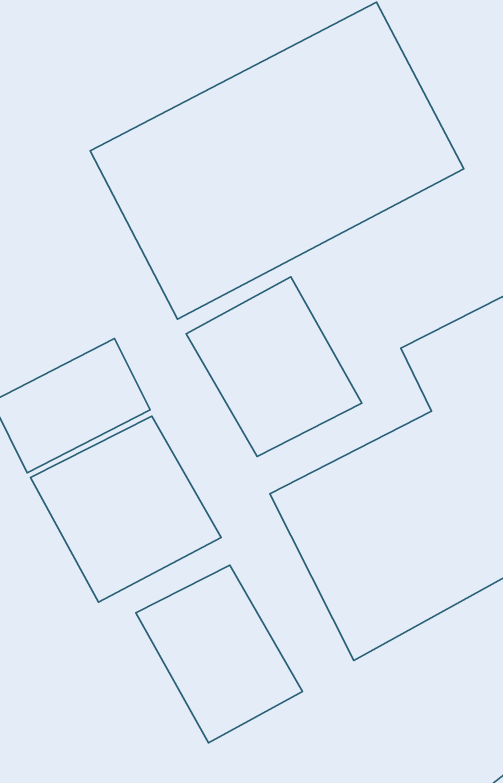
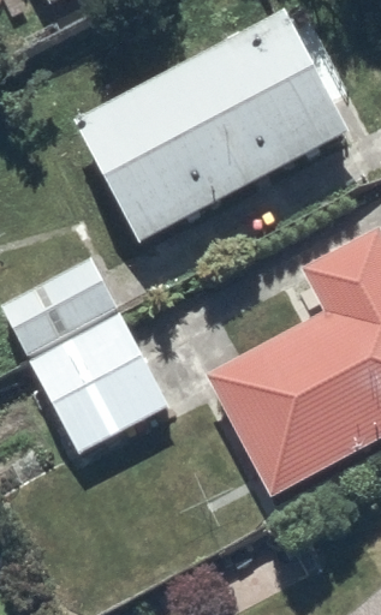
building: [186,277,362,457] -> none
building: [136,565,302,743] -> none

